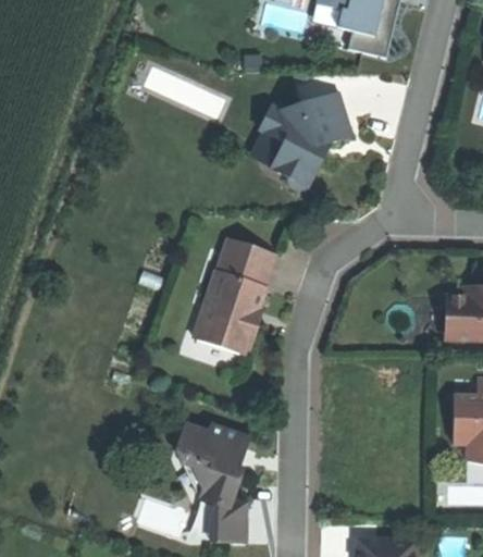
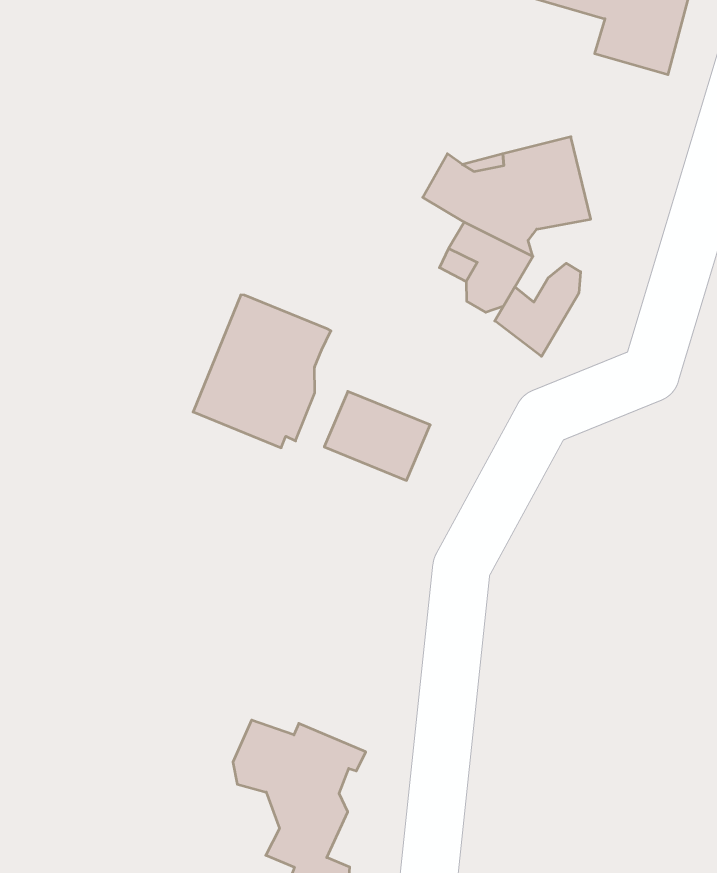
building: none -> [495,263,581,356]
building: [191,271,264,354] -> [193,295,331,448]

